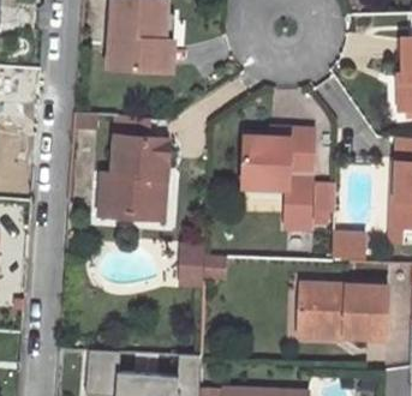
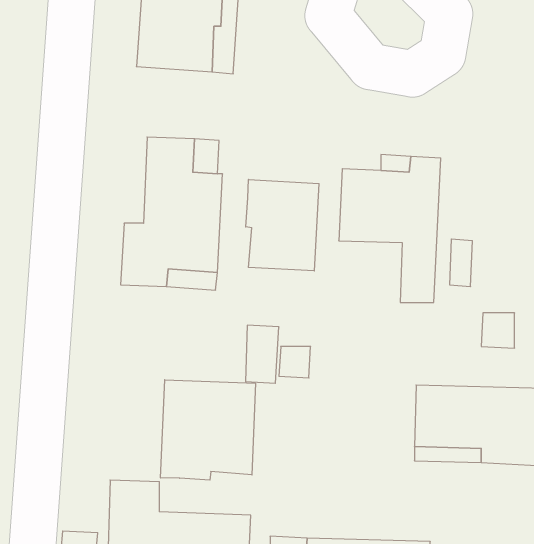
building: none -> [246,179,319,271]
building: none -> [161,380,255,480]

